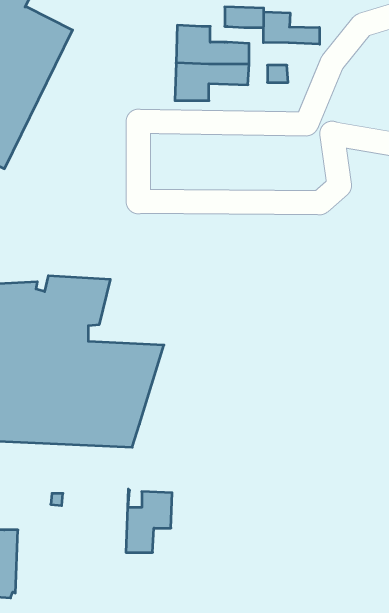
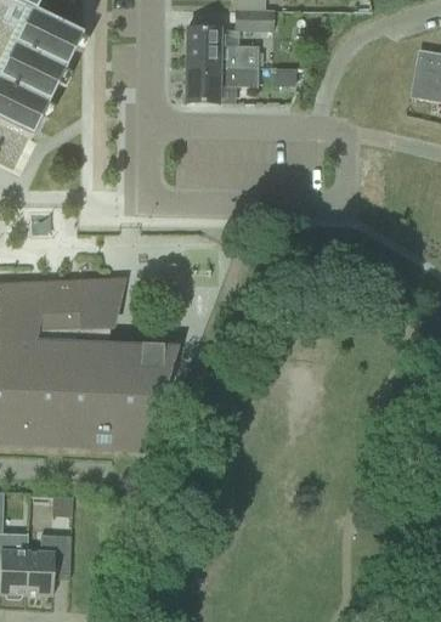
building: [263,12,320,44] -> none
building: [126,489,172,552] -> [26,531,72,594]

